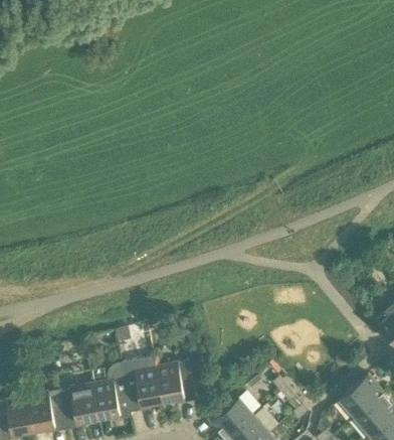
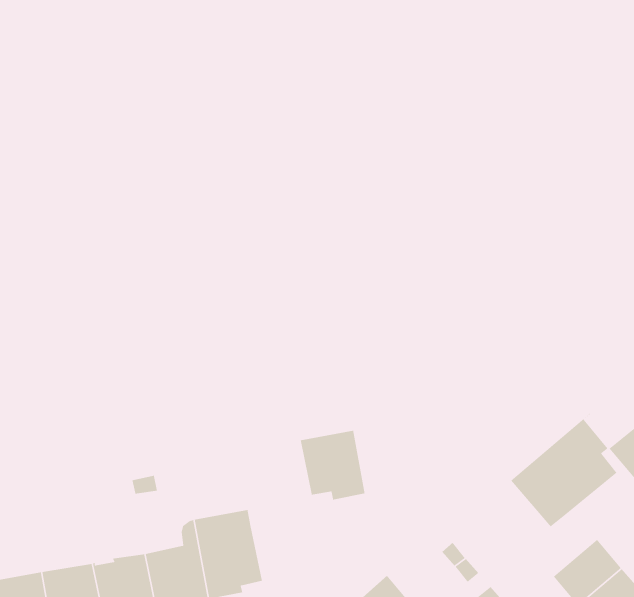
building: none -> [510,412,617,528]
building: [155,361,195,405] -> [300,430,365,500]

